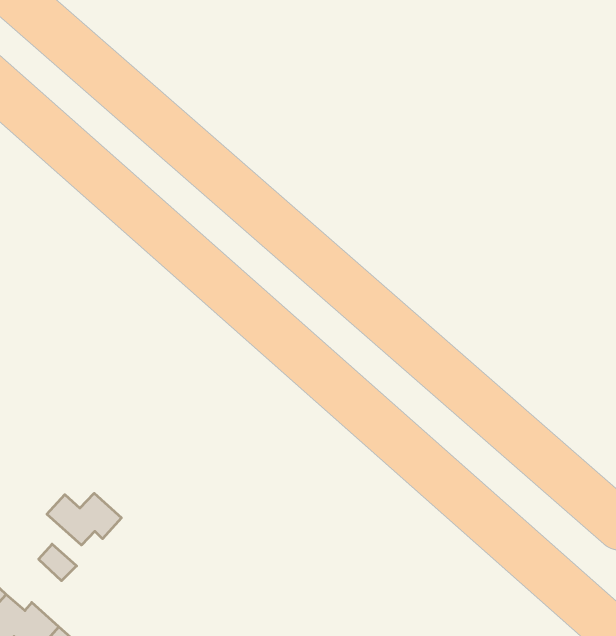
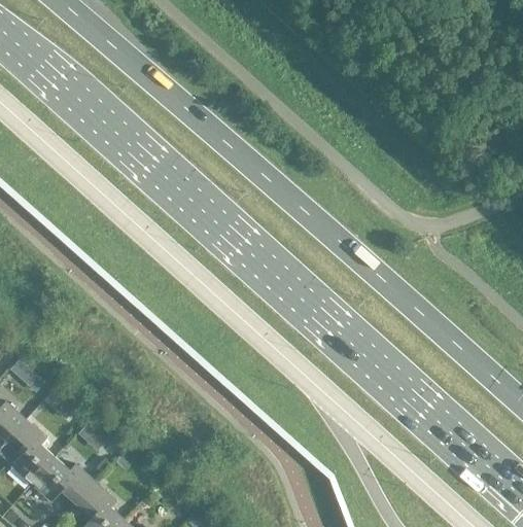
building: [47,493,121,545] -> none

